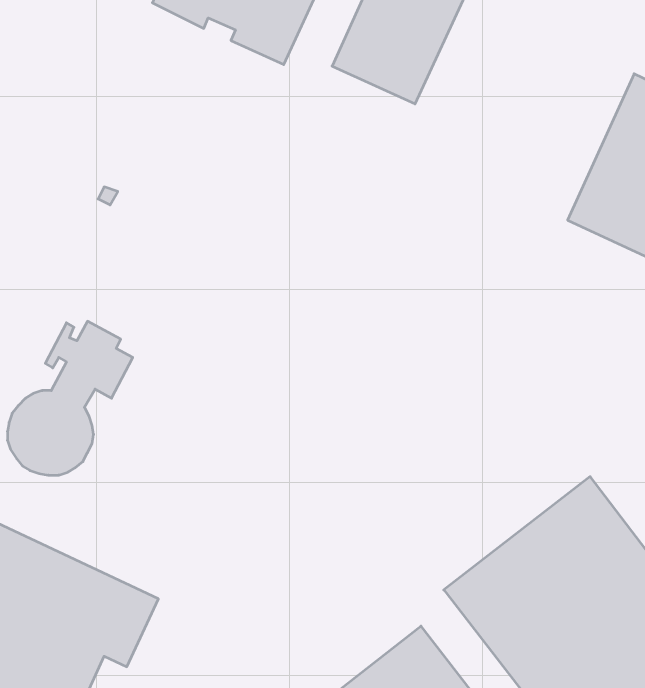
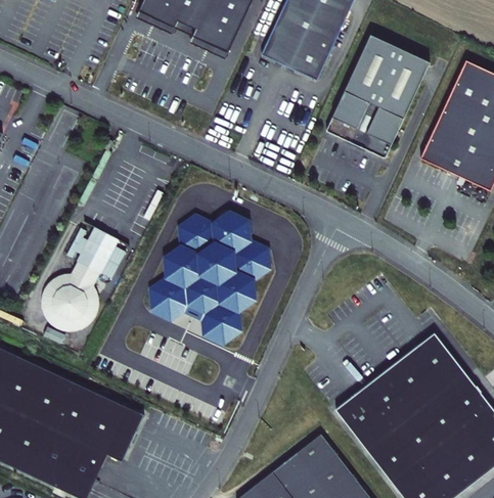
building: none -> [326,34,430,156]
building: none -> [147,214,272,349]

